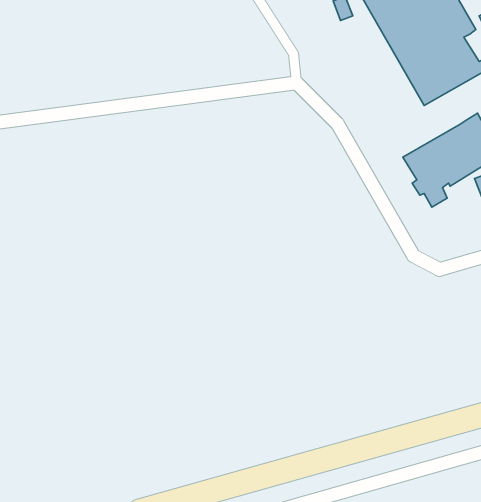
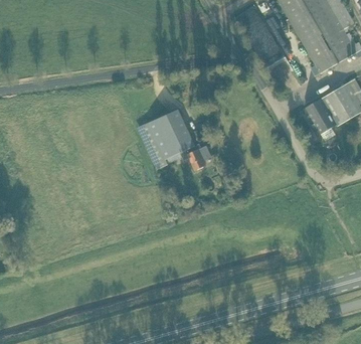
building: none -> [140,108,210,169]

